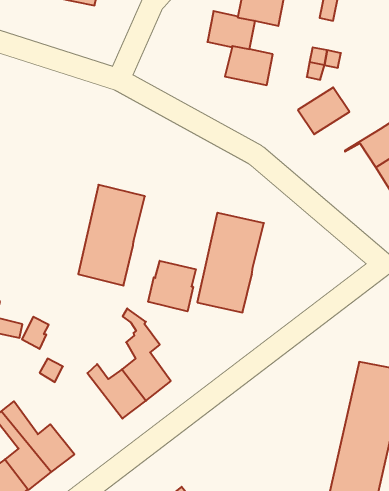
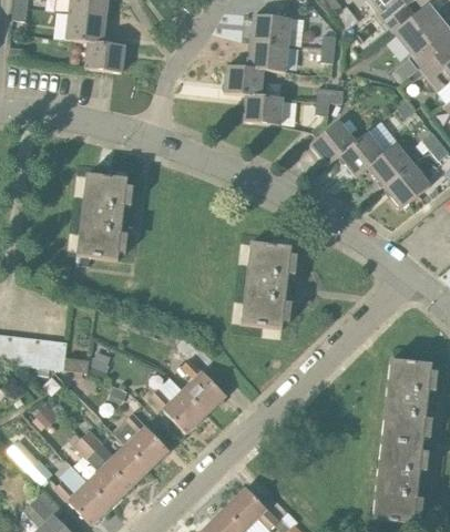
building: none -> [328,131,386,174]
building: [78,185,145,286] -> [78,173,129,259]
building: [148,261,196,311] -> none
building: none -> [114,411,170,469]

